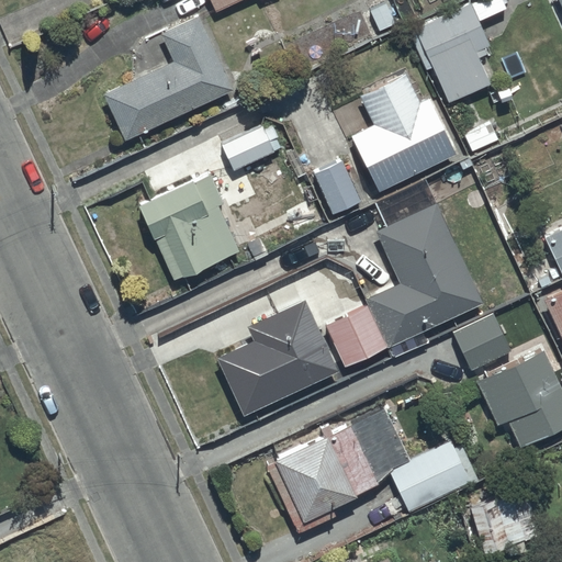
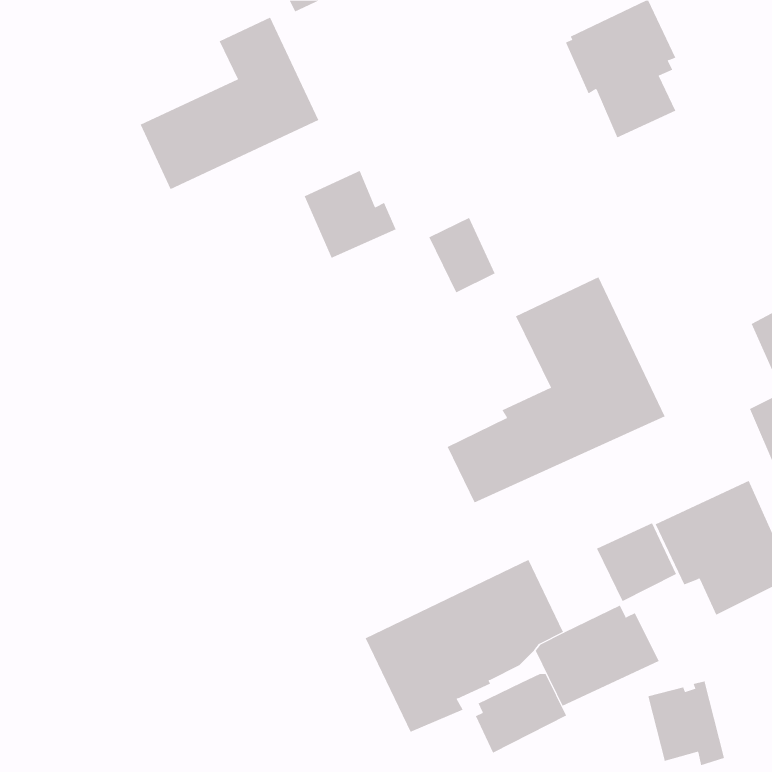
building: [351,74,457,191] -> none
building: [138,173,238,281] -> none
building: [216,297,339,415] -> none
building: [453,314,512,371] -> [596,523,677,602]
building: none -> [475,673,567,753]

